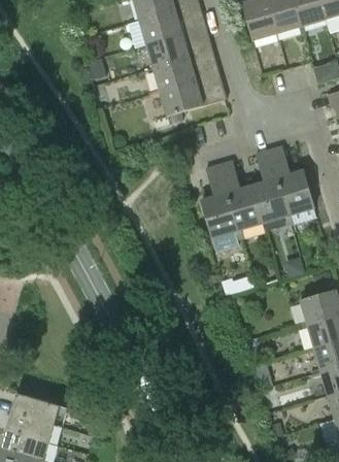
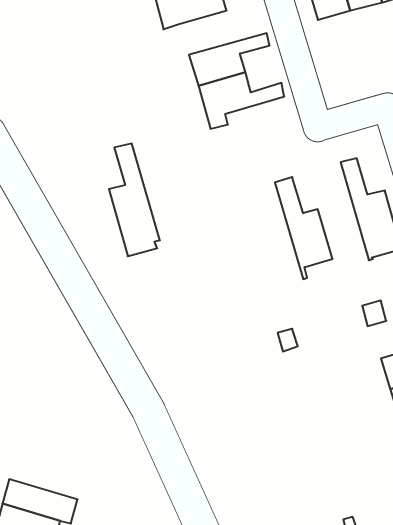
building: [145,32,212,66] -> none
building: [251,148,291,225] -> none
building: [201,164,240,251] -> [109,143,160,256]

